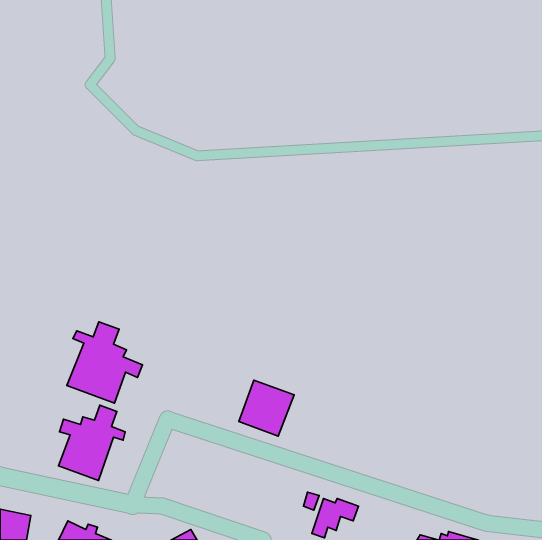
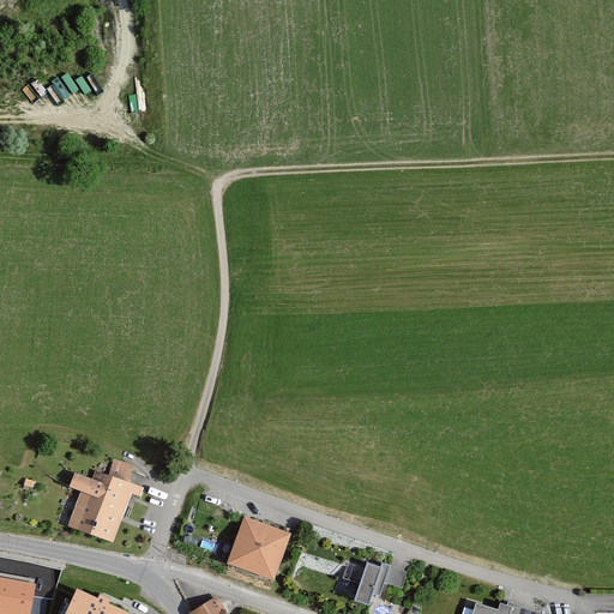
building: [67,322,143,403] -> none
building: [239,380,294,436] -> [227,518,289,582]

